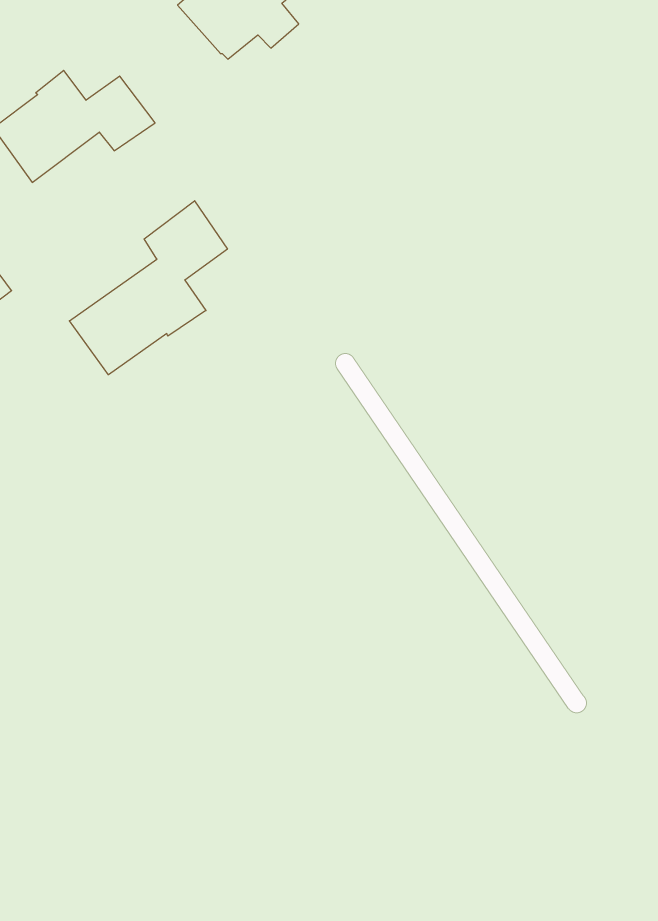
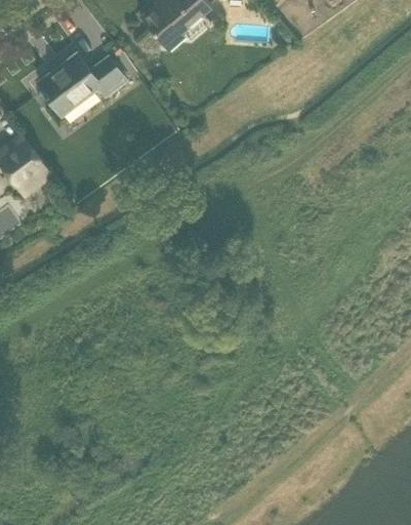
building: [69,201,227,375] -> none

